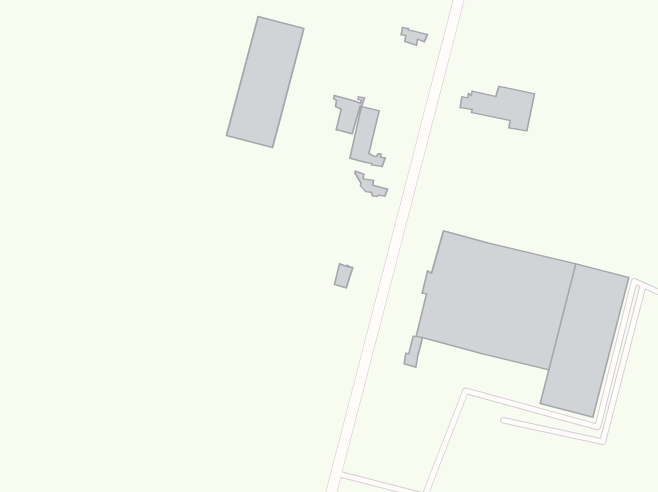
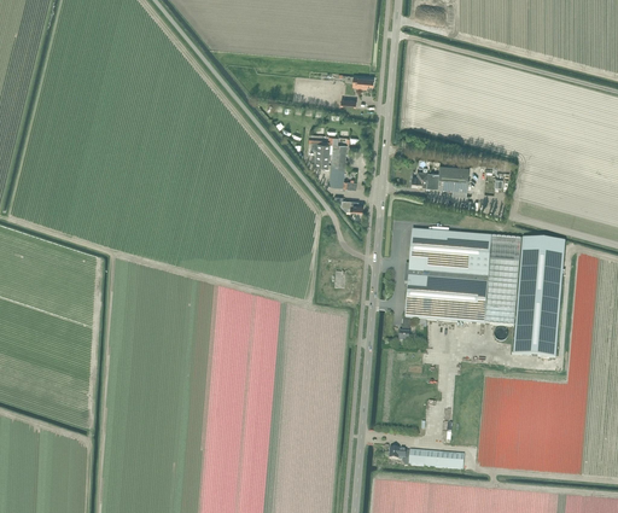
building: [227,16,304,148] -> none
building: [460,86,535,131] -> [412,162,468,193]

